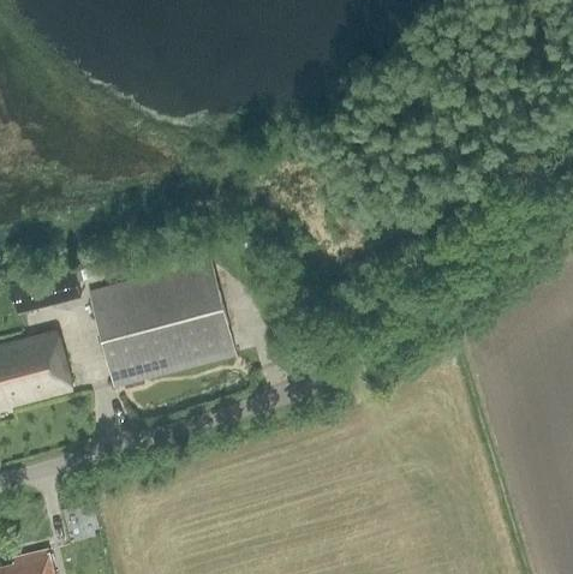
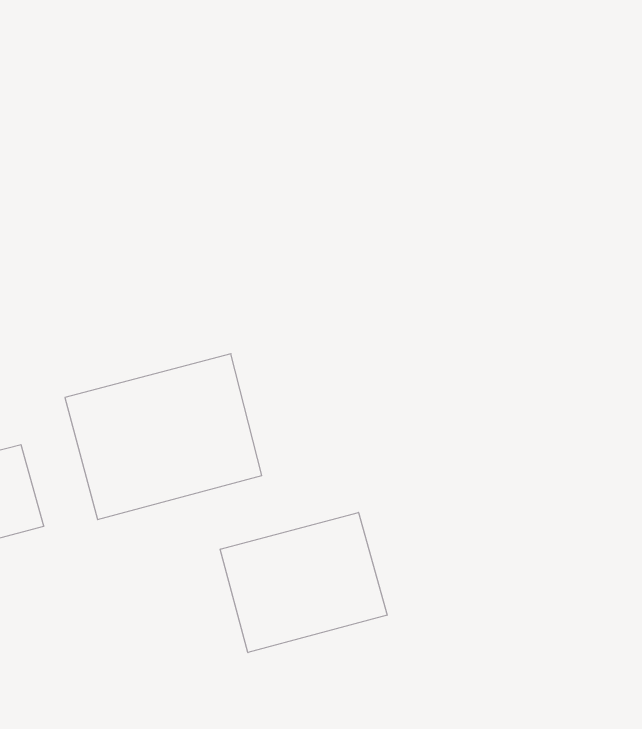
building: none -> [220,512,387,653]

